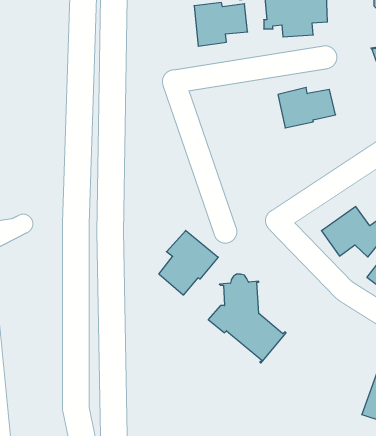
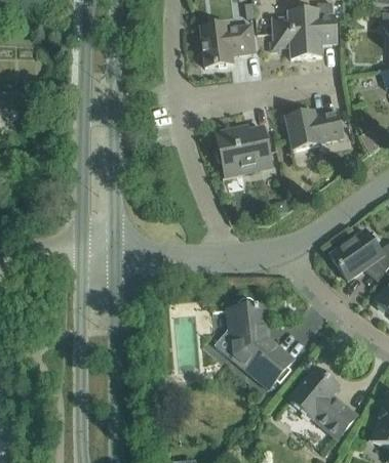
building: none -> [217,127,272,175]
building: [159,230,218,295] -> none
building: none -> [290,368,358,437]

